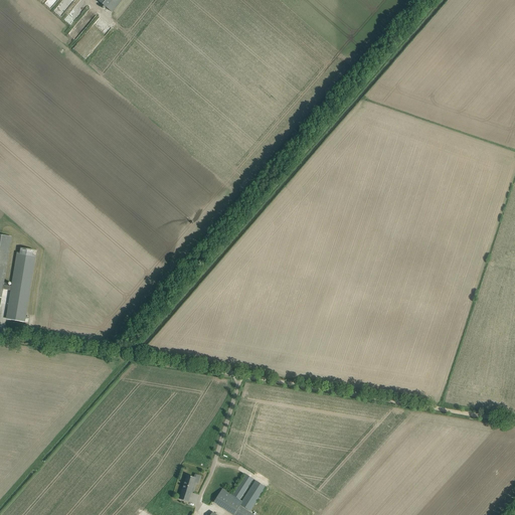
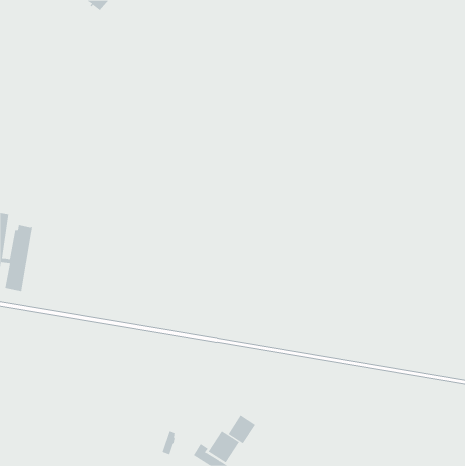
building: none -> [228,415,256,444]

